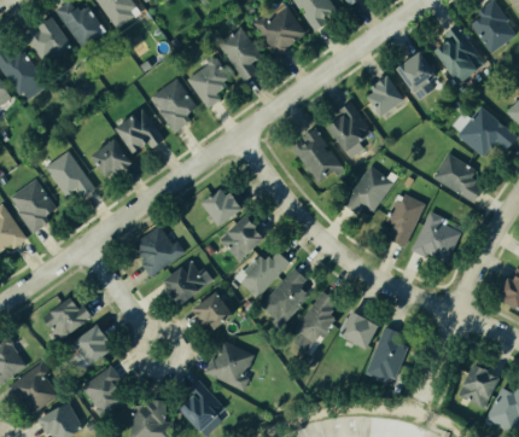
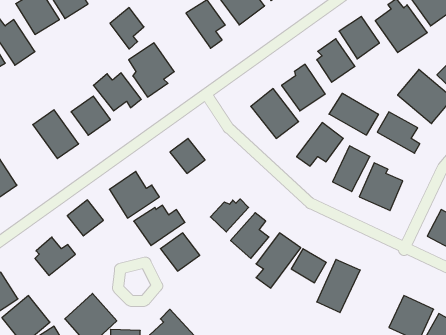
building: [191,60,229,107] -> [110,8,144,49]
building: none -> [329,93,378,135]
building: [12,180,60,231] -> none
building: [221,216,258,257] -> none
building: [71,325,112,366] -> [67,200,103,236]
building: [206,339,257,395] -> none

